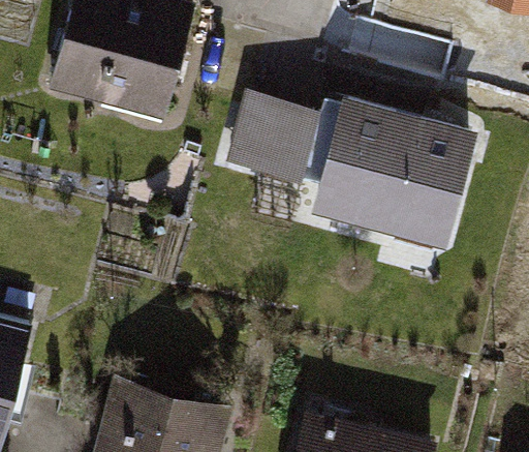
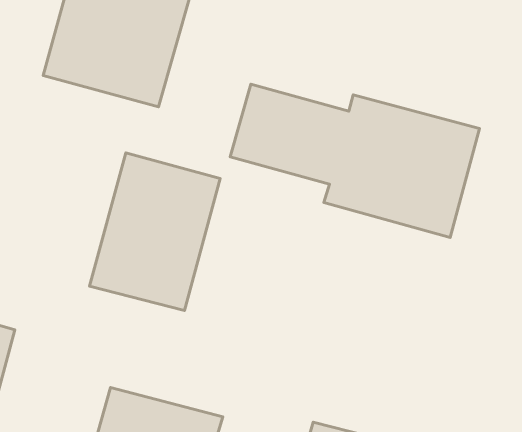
building: none -> [89,153,220,310]

